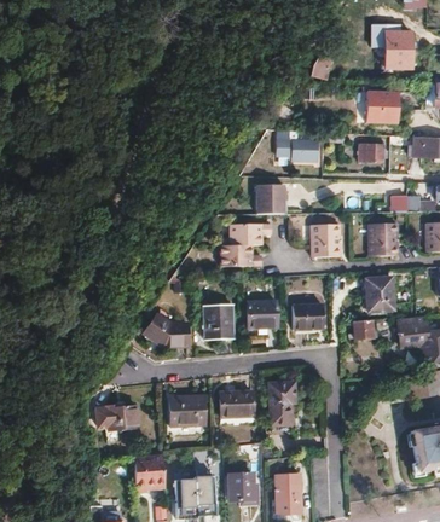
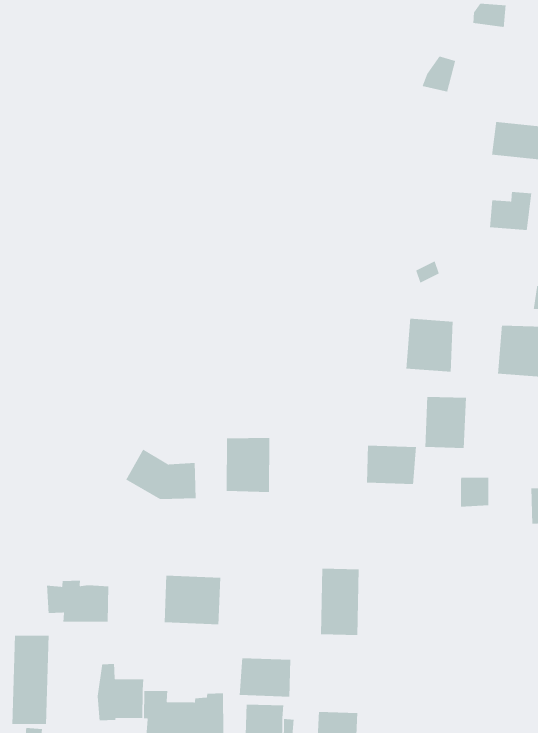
building: [290,130,323,161] -> none
building: [256,184,284,213] -> none
building: [220,224,271,266] -> none
building: [366,277,393,311] -> [425,396,467,449]
building: [247,301,277,329] -> none
building: [220,392,253,417] -> [239,657,291,698]
building: none -> [12,635,50,725]

